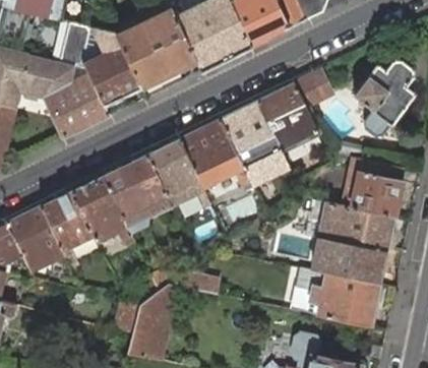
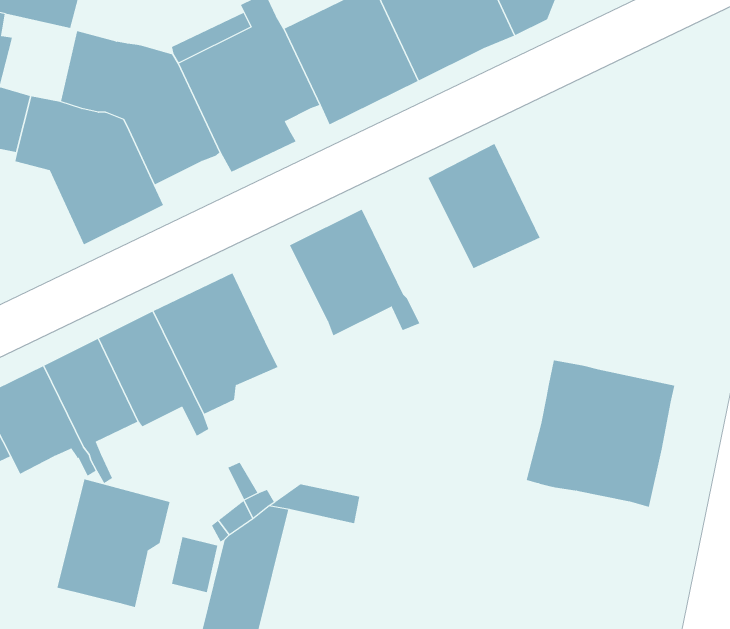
building: [355,59,415,136] -> none
building: [294,67,337,107] -> none
building: [220,101,290,187] -> none
building: [147,138,211,207] -> none
building: [344,158,403,217] -> none
building: [292,268,380,327] -> none
building: none -> [57,479,170,608]

